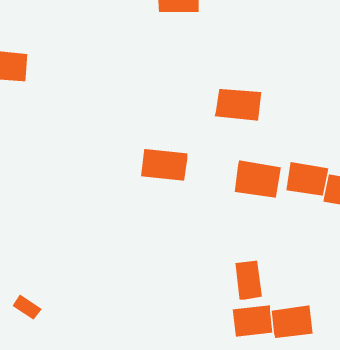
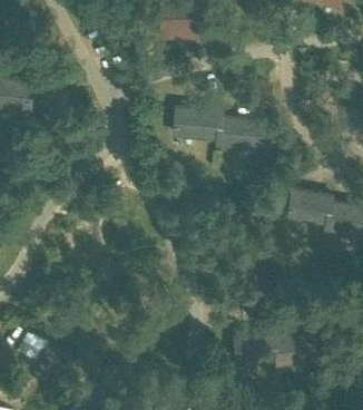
building: [140,149,188,181] -> [174,107,222,139]
building: [234,159,281,199] -> none
building: [235,260,262,301] -> none

